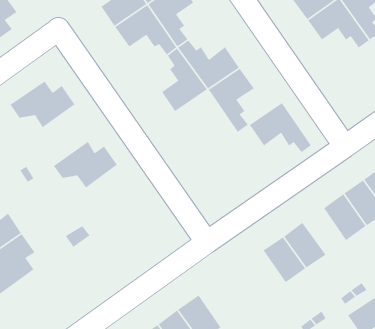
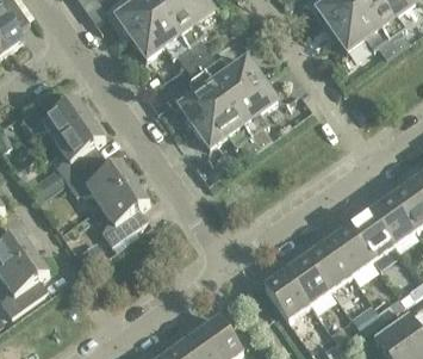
building: [249,102,312,153] -> [193,100,259,154]
building: none -> [55,116,104,180]
building: none -> [100,179,149,243]
building: none -> [326,224,372,273]
building: none -> [262,268,309,318]

